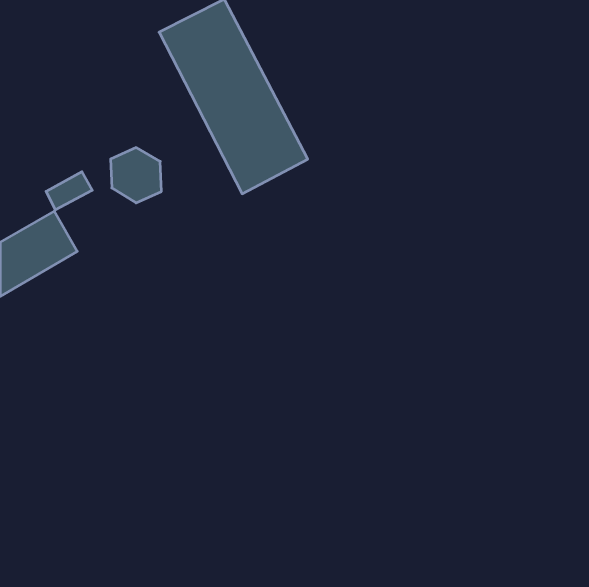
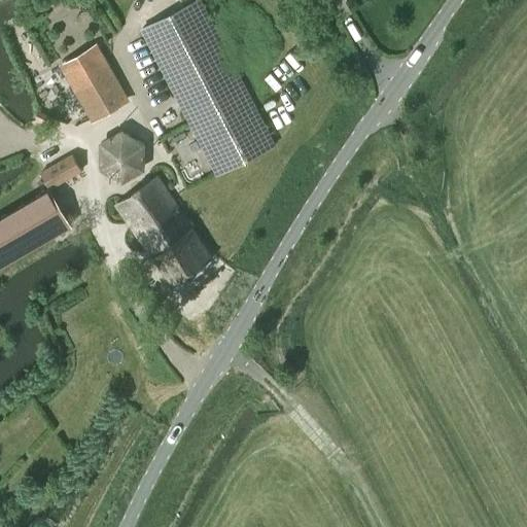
building: none -> [63,47,127,120]
building: none -> [117,179,213,287]

